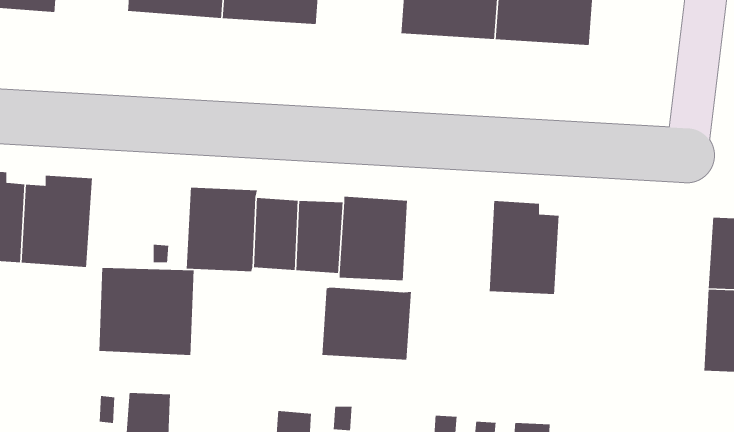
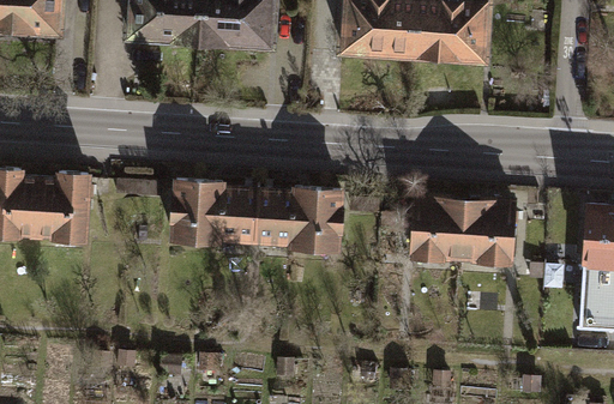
building: none -> [460,193,517,266]
building: [98,267,194,356] -> none
building: [321,287,412,360] -> none

